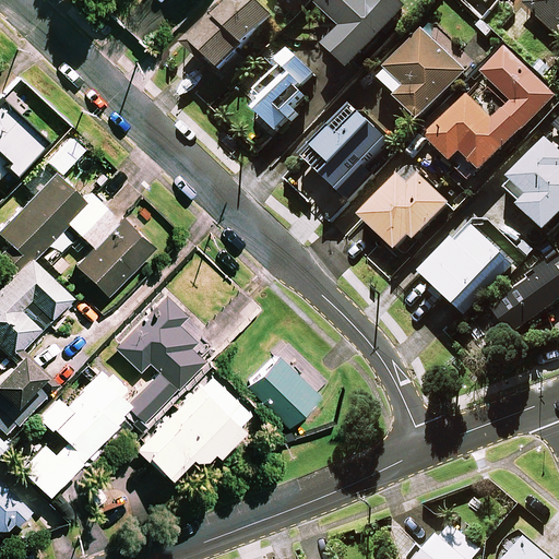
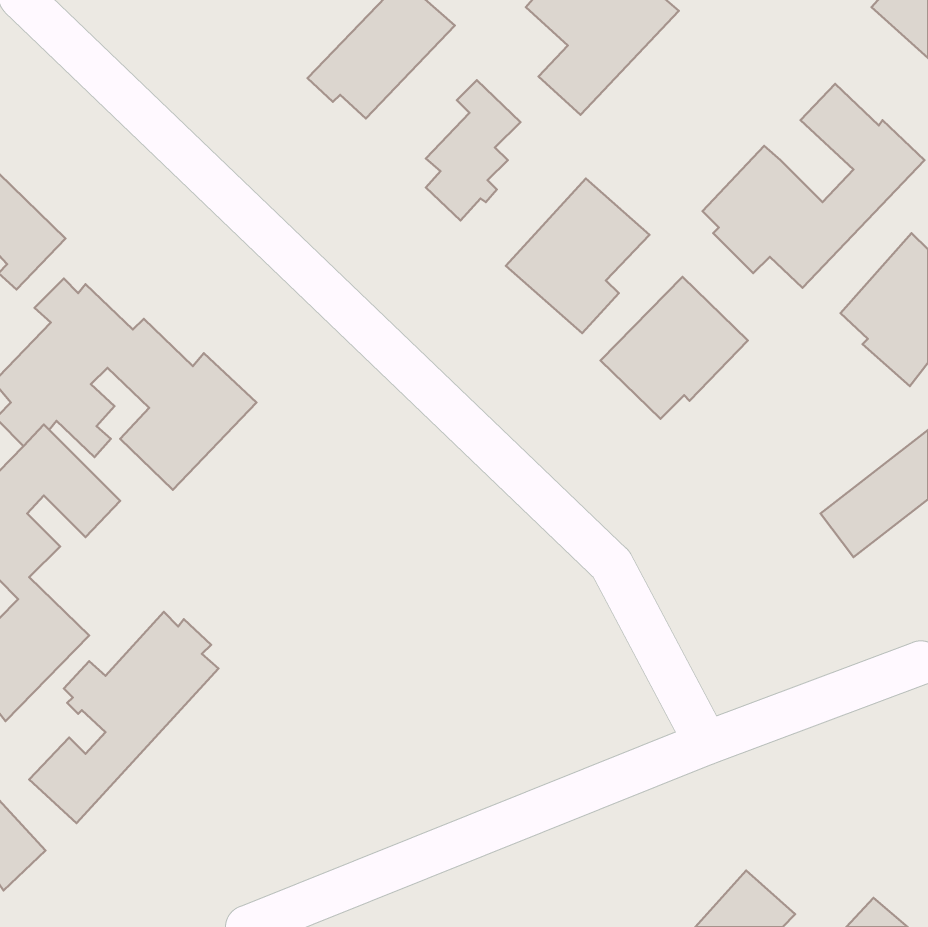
building: [377,32,465,120] -> none
building: [425,228,509,312] -> none
building: [115,288,202,417] -> none
building: [245,348,318,421] -> none
building: [139,370,251,467] -> none

